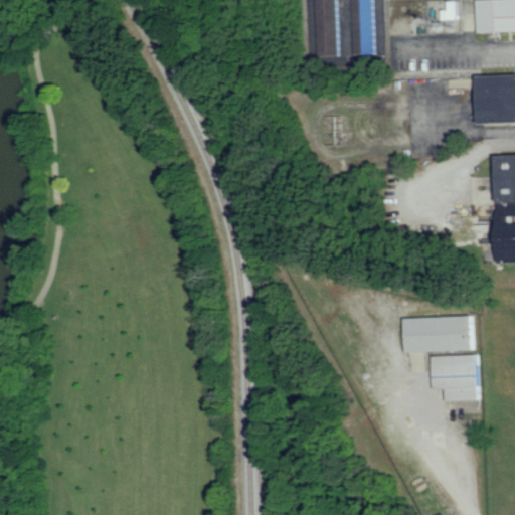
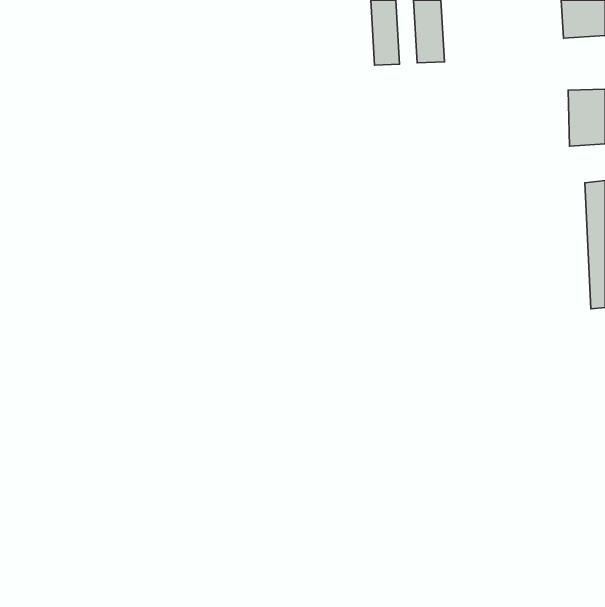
building: [404,315,474,353] -> none
building: [432,354,479,400] -> none

